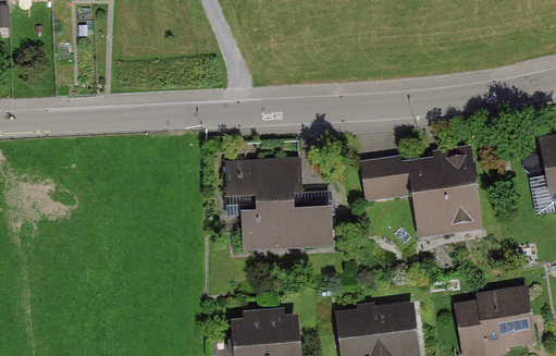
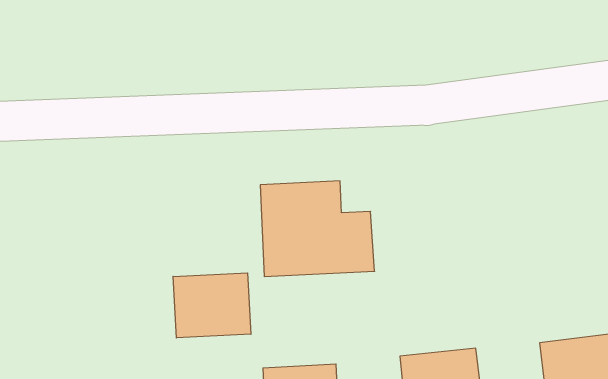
building: [369,157,479,233] -> none
building: none -> [173,273,251,338]

